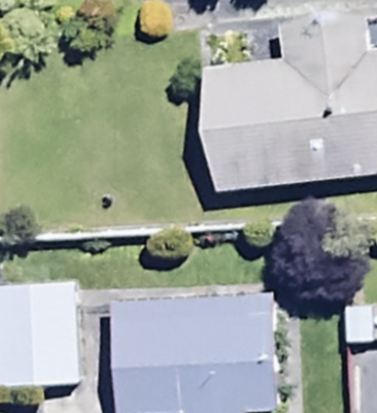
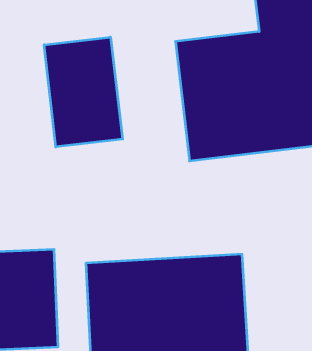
building: none -> [44,37,123,147]

